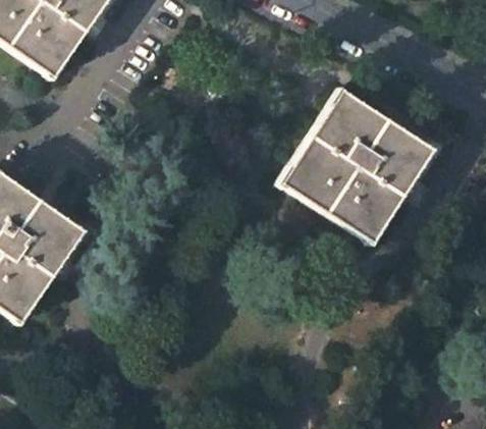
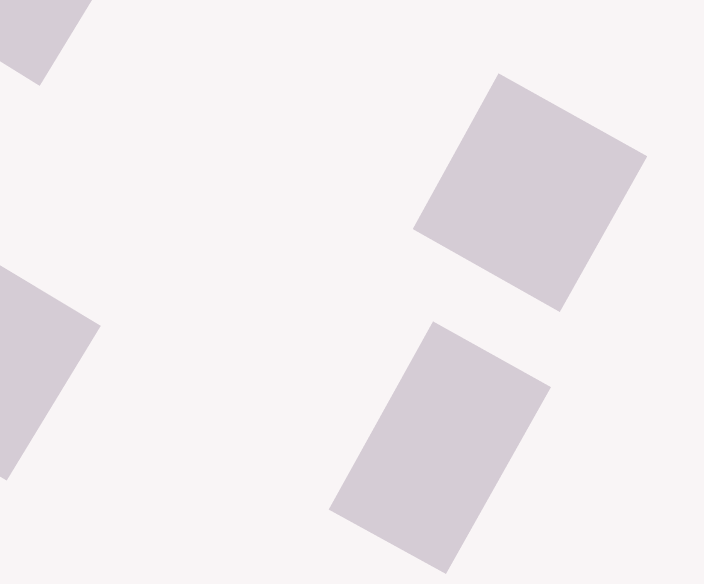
building: none -> [328,321,552,575]

